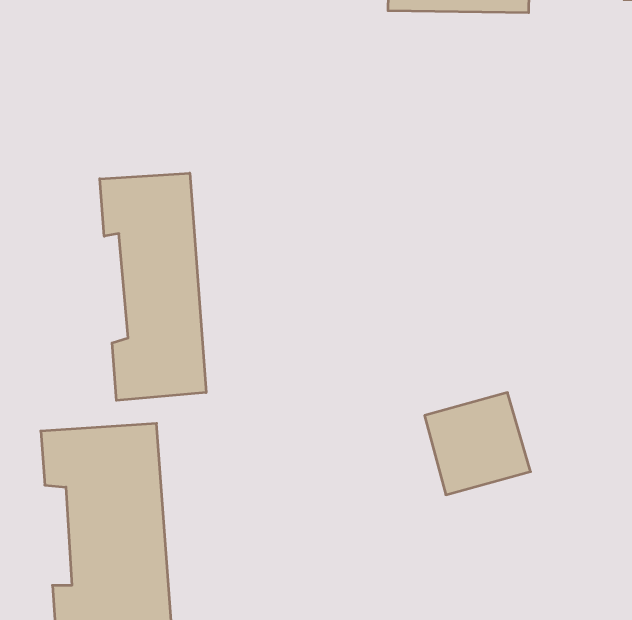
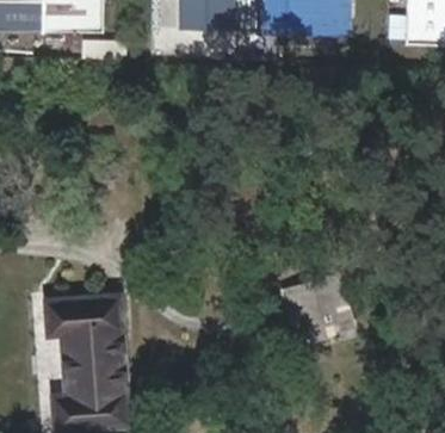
building: [100,173,206,400] -> none

